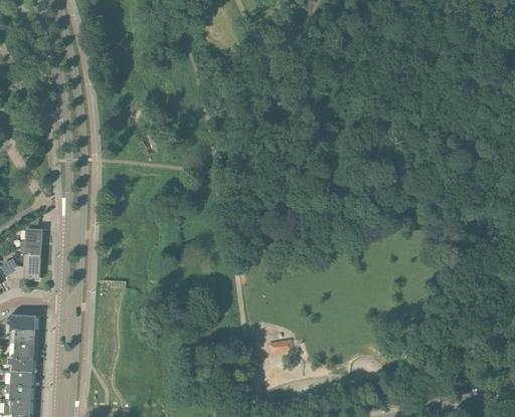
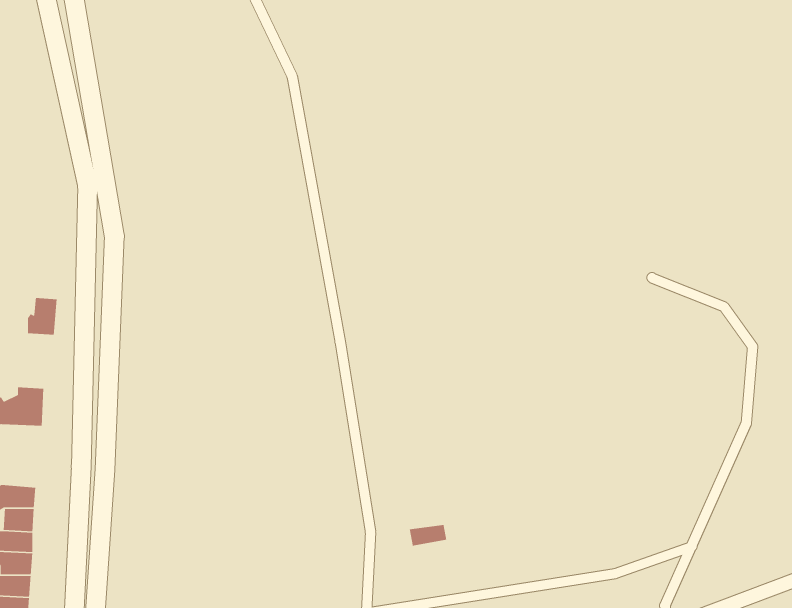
building: [23,230,42,254] -> [27,297,58,336]

